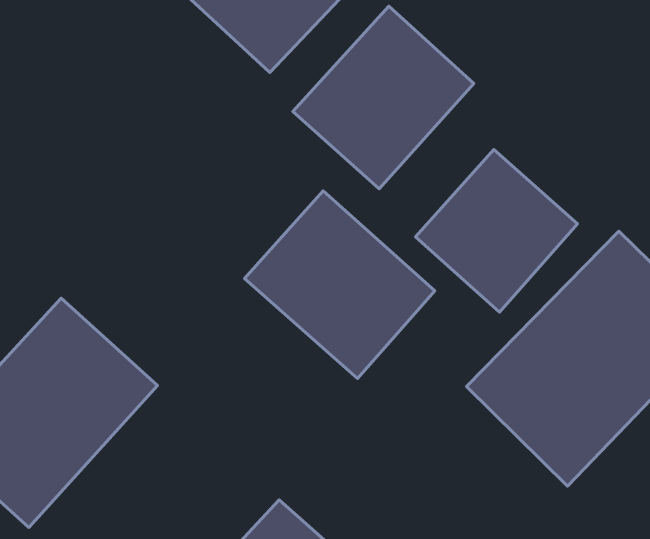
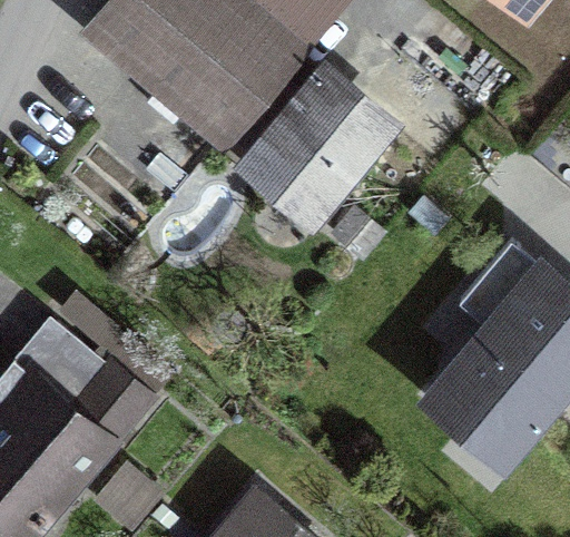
building: [416,150,577,312] -> none
building: [244,191,435,378] -> none

